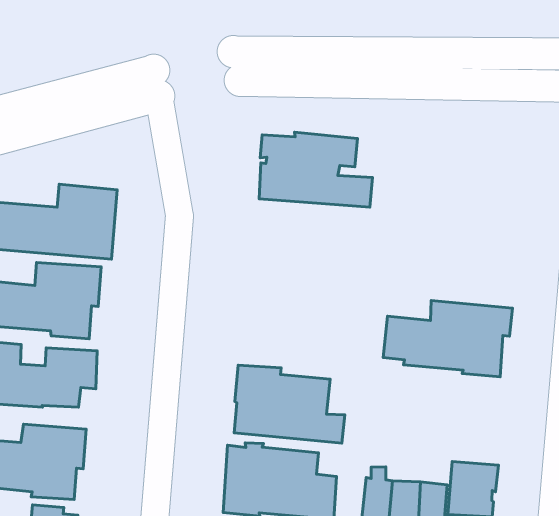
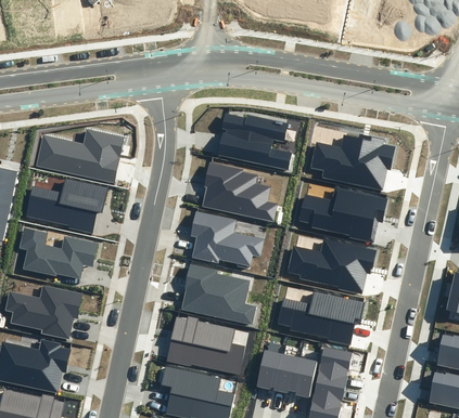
building: none -> [310,134,395,190]
building: none -> [202,161,276,221]
building: none -> [298,187,387,241]
building: none -> [190,211,264,266]
building: none -> [278,290,362,345]

